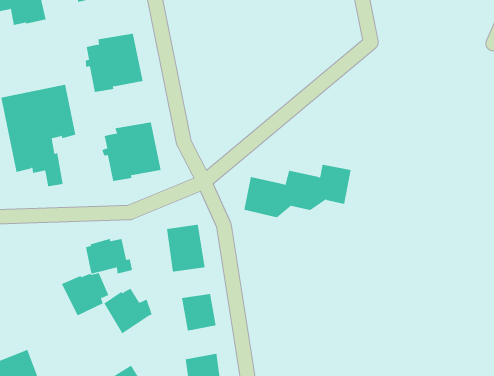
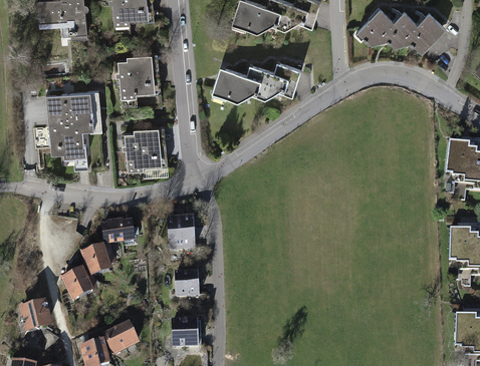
building: [244,164,351,218] -> [211,60,300,99]
building: [104,288,153,334] -> [58,266,96,302]

